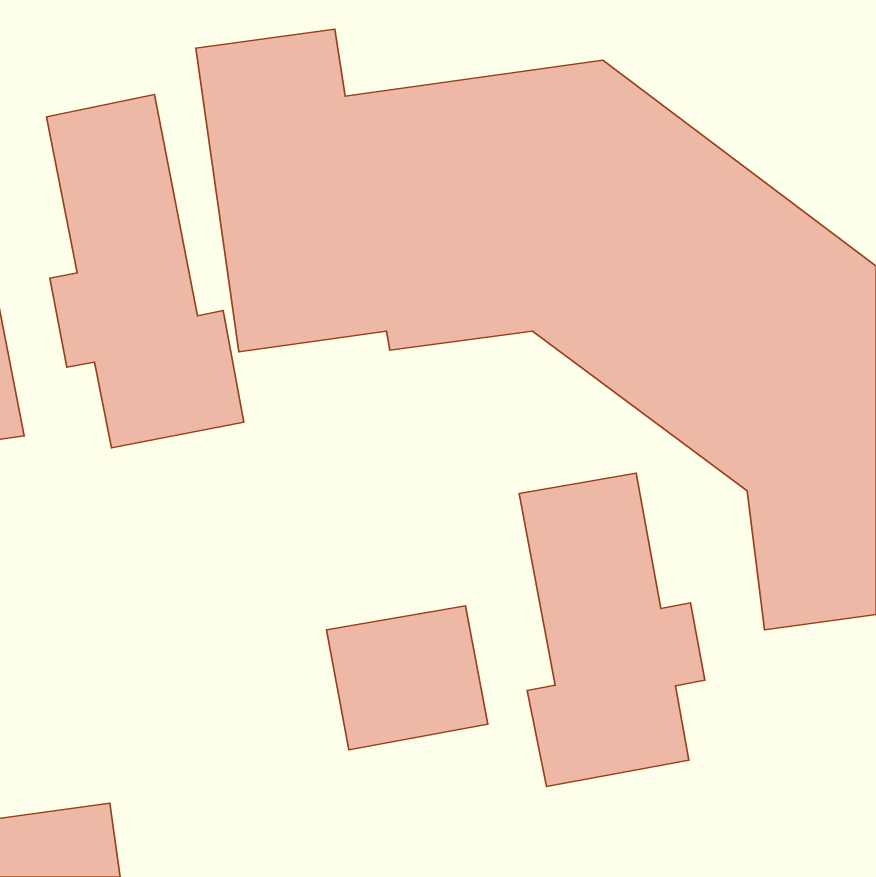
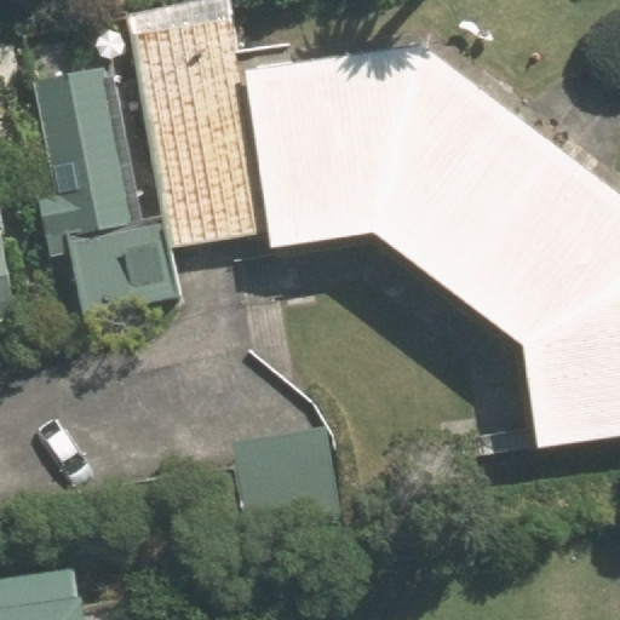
building: [519,473,705,787] -> none

